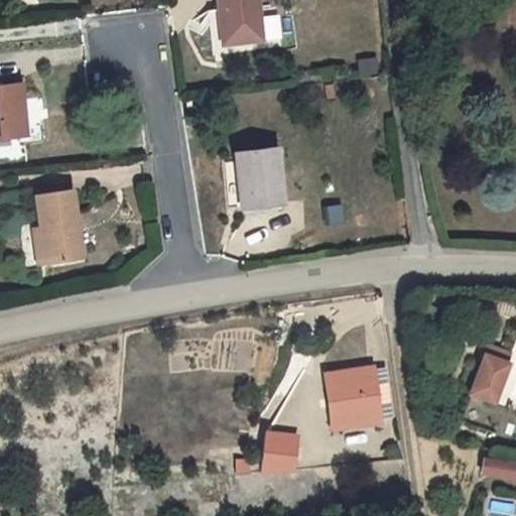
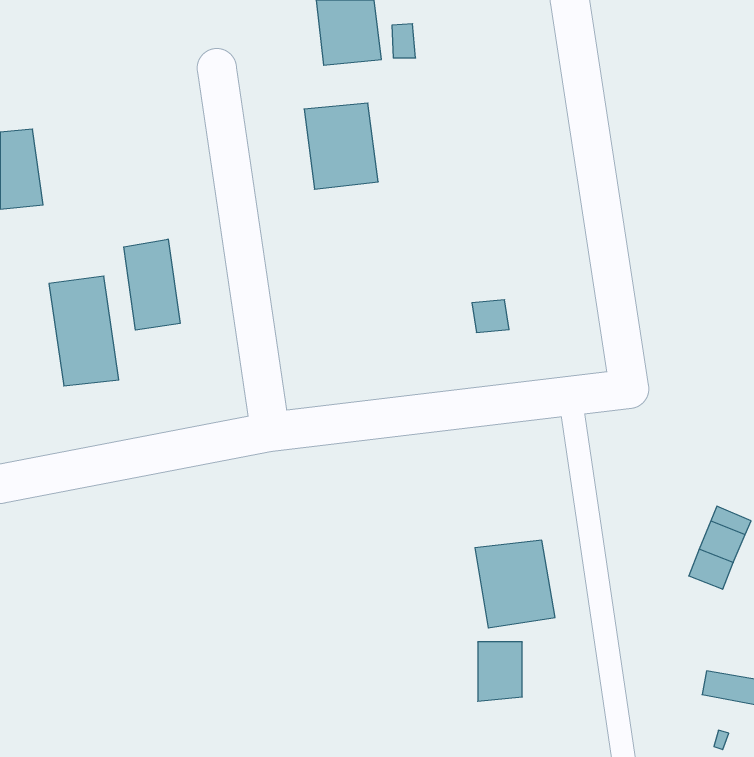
building: [231,154,281,213] -> [304,103,378,189]
building: none -> [124,239,180,330]
building: [262,431,292,472] -> [478,642,522,701]

